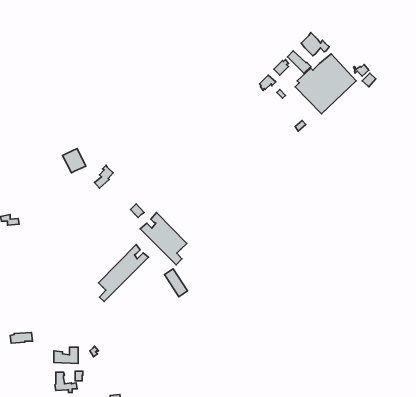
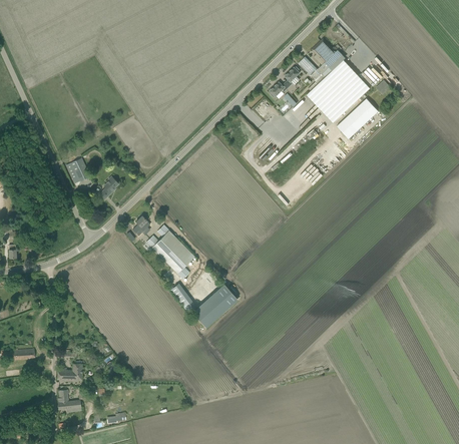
building: none -> [337,98,379,139]
building: [98,244,149,302] -> none
building: none -> [194,283,238,324]

